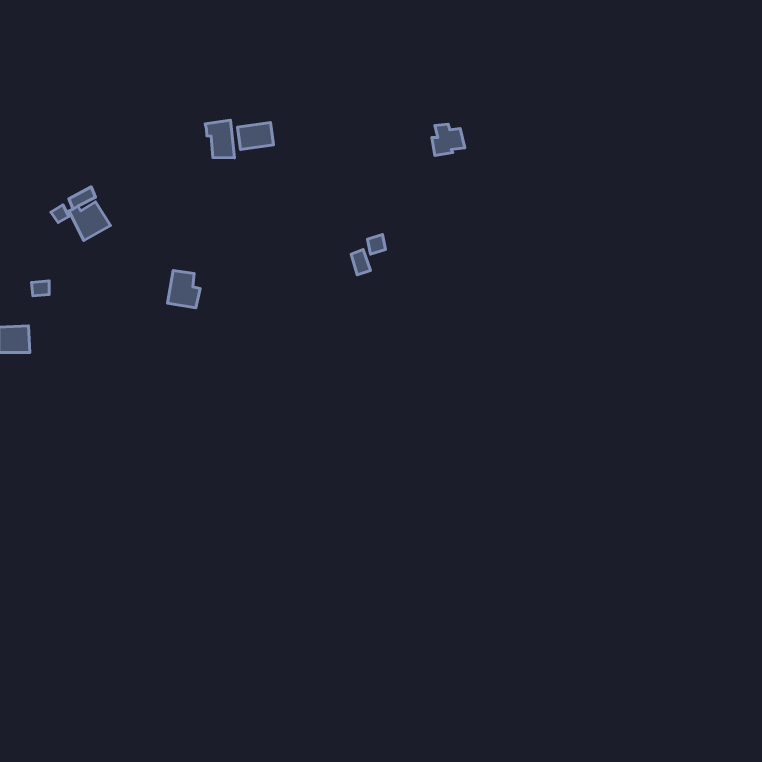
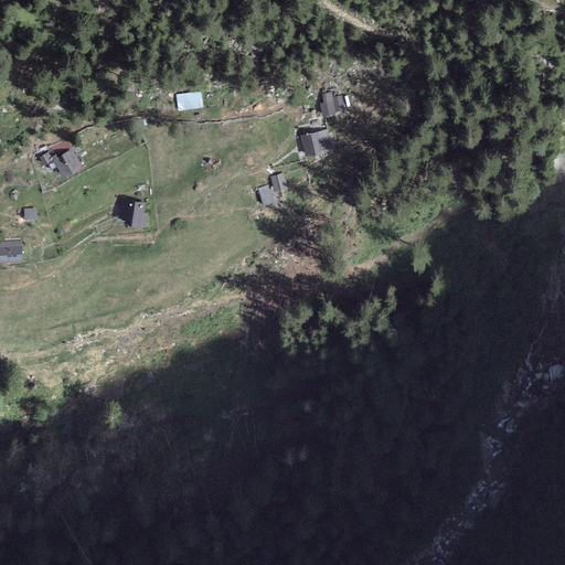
building: [205,120,235,158] -> none
building: none -> [300,130,331,154]

